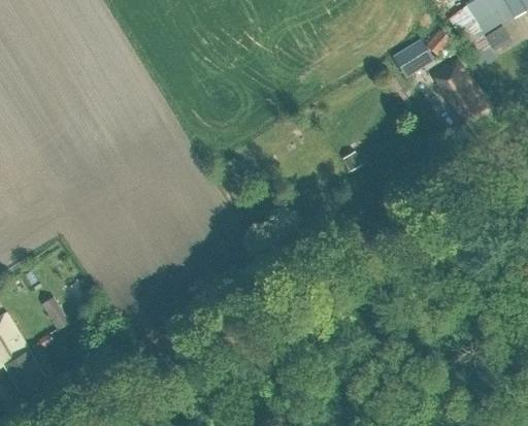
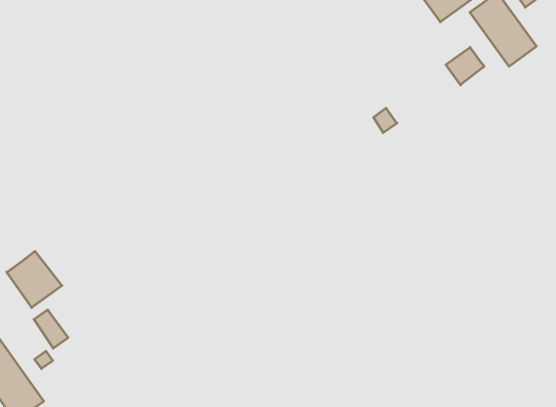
building: none -> [446,47,484,85]
building: none -> [7,251,62,308]

